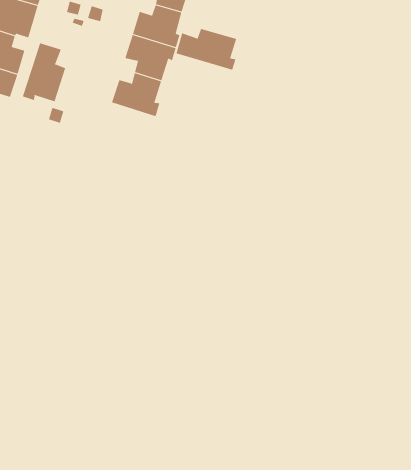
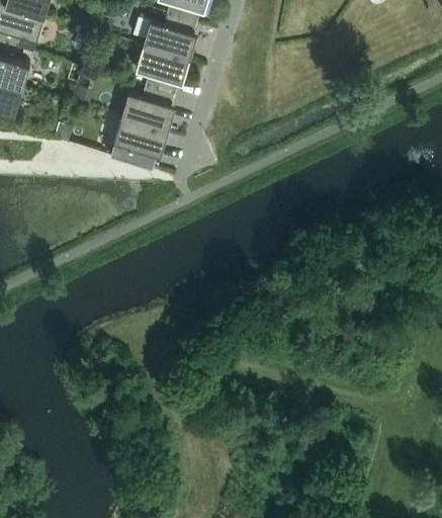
building: [176,28,237,71] -> none
building: [22,42,66,102] -> none
building: none -> [114,116,169,167]

